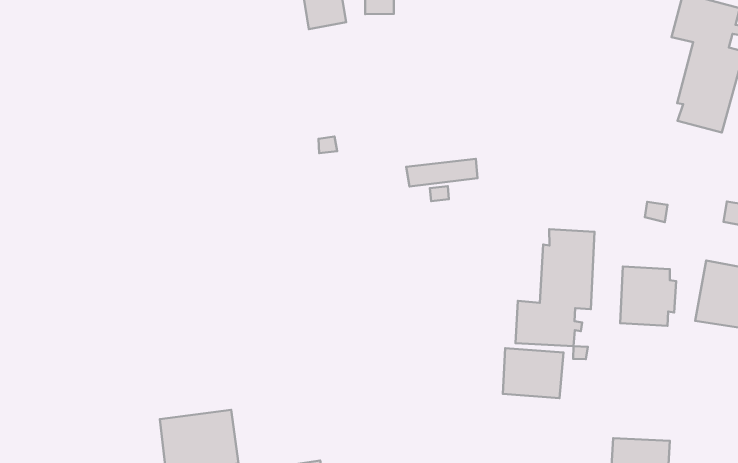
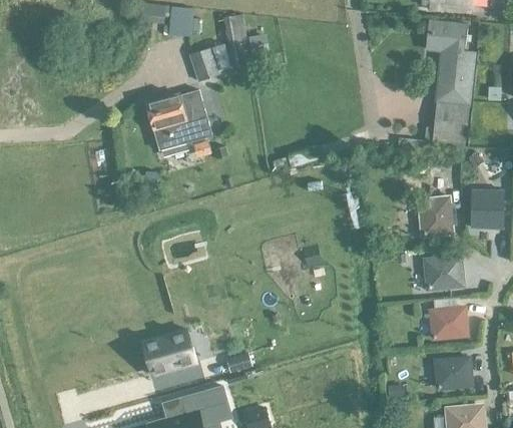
building: none -> [145,90,210,151]
building: none -> [430,103,468,149]
building: [515,229,594,346] -> none
building: [503,348,563,398] -> [425,257,464,289]

